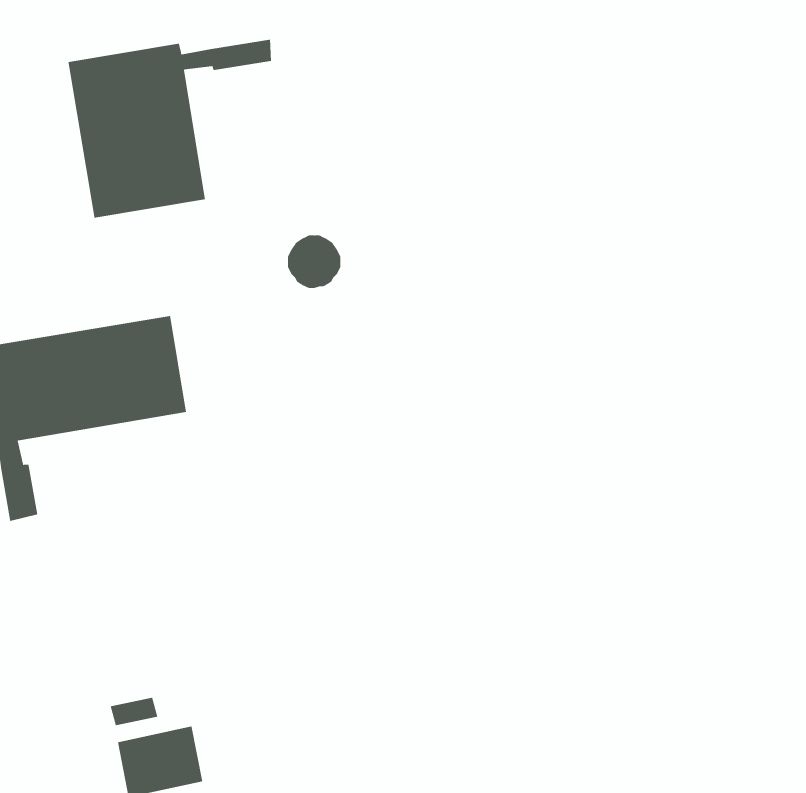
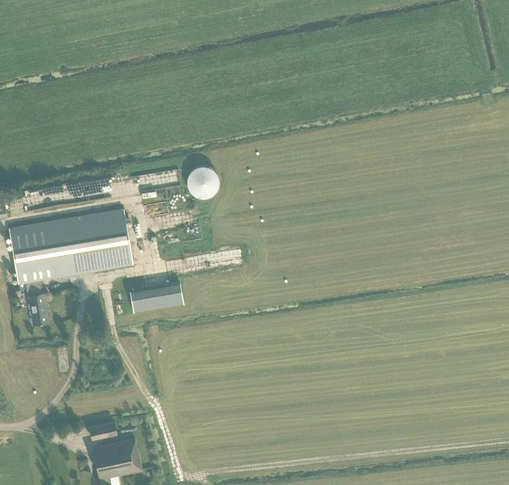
building: [68,39,271,218] -> none
building: none -> [129,283,183,312]

